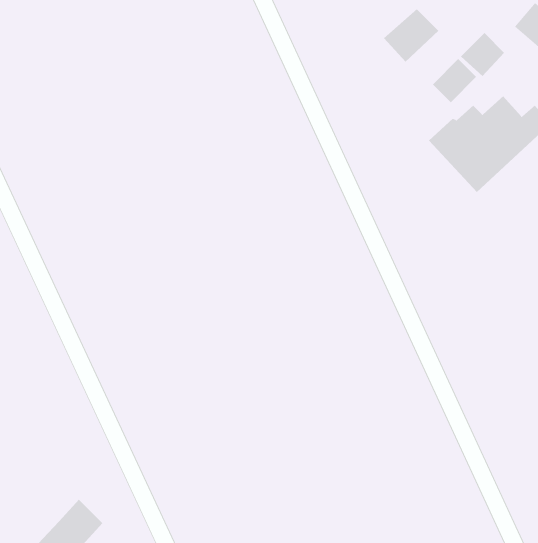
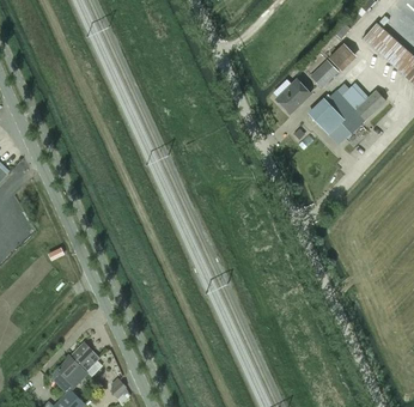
building: [383,8,439,63] -> [275,79,311,114]

